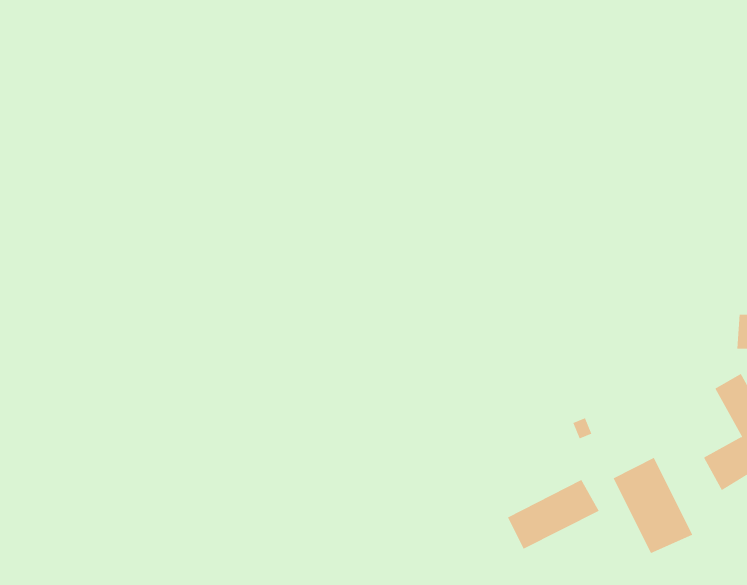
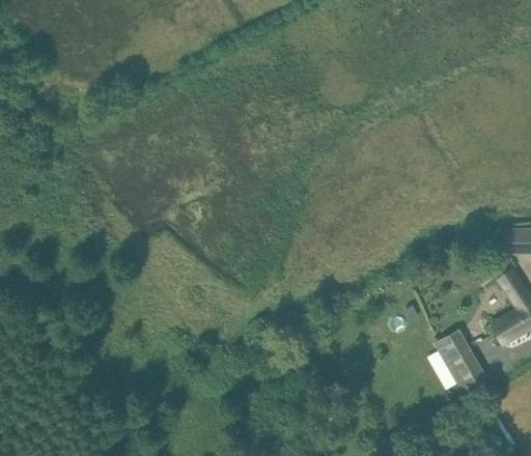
building: [507,479,600,550] -> none

